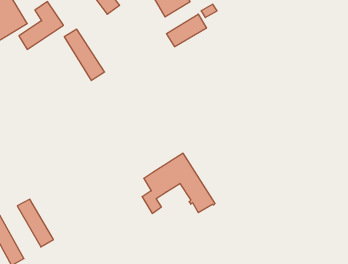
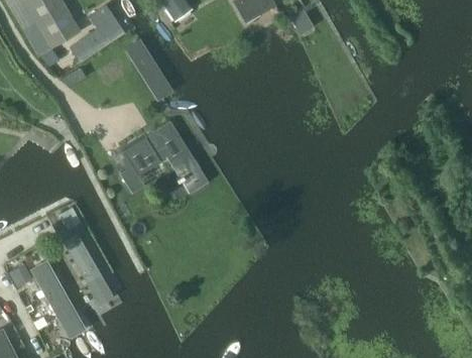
building: [167,14,206,47] -> none
building: [142,153,215,213] -> [121,120,209,193]

